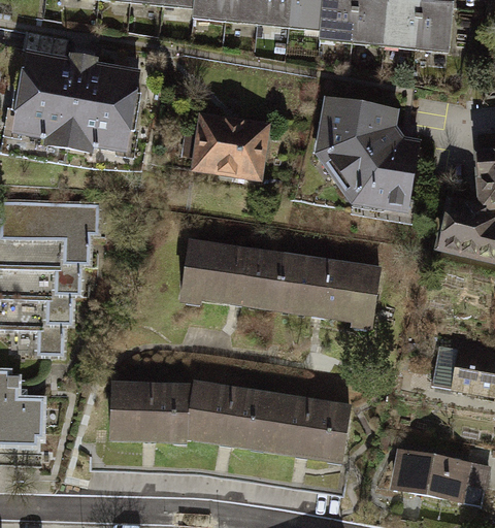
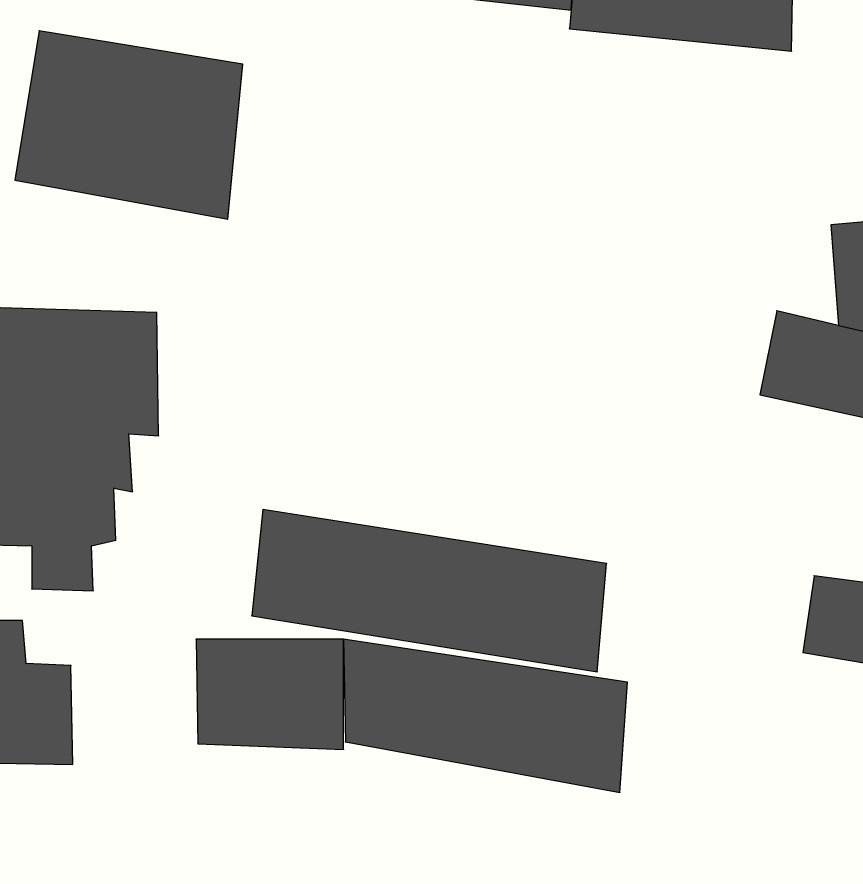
building: [316,94,425,213] -> none
building: [192,107,267,178] -> none
building: [182,238,377,328] -> [252,509,607,672]
building: [384,449,478,506] -> none

